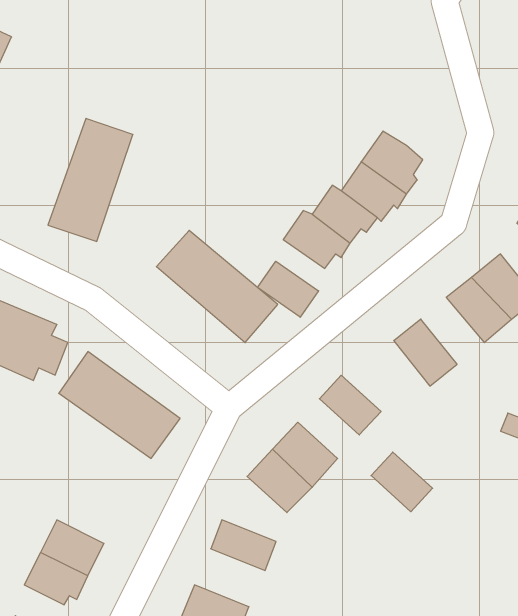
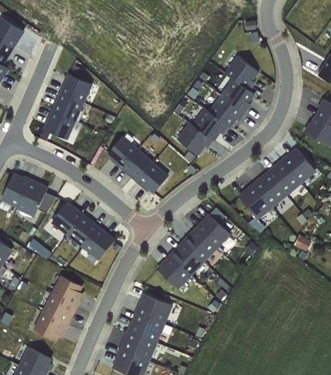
building: none -> [223,57,257,87]
building: [258,261,319,317] -> none
building: none -> [251,171,286,208]
building: [371,452,433,512] -> [183,227,217,260]
building: none -> [50,276,82,307]
building: none -> [126,310,165,342]

